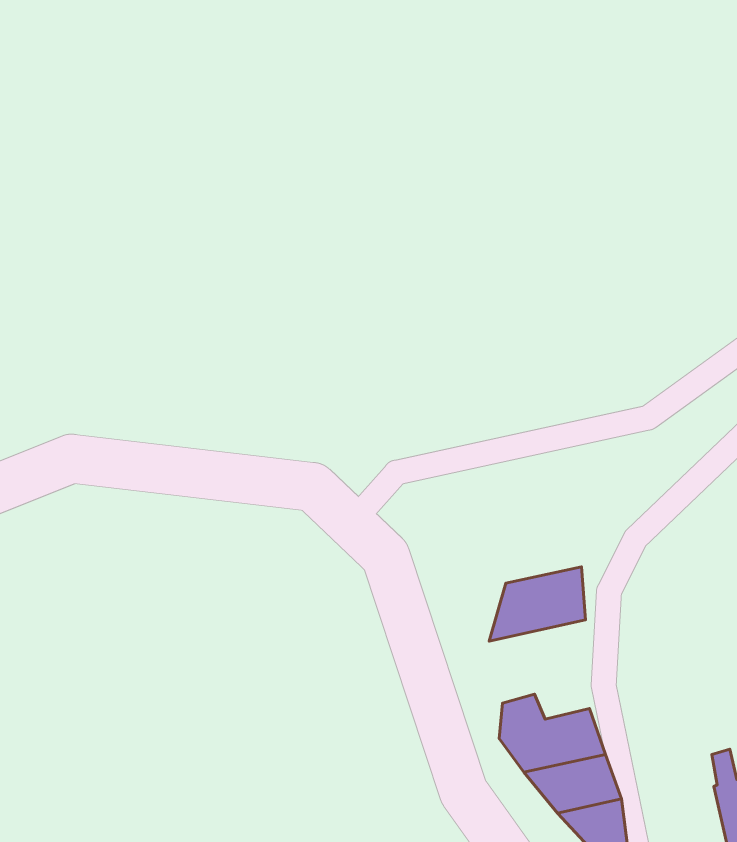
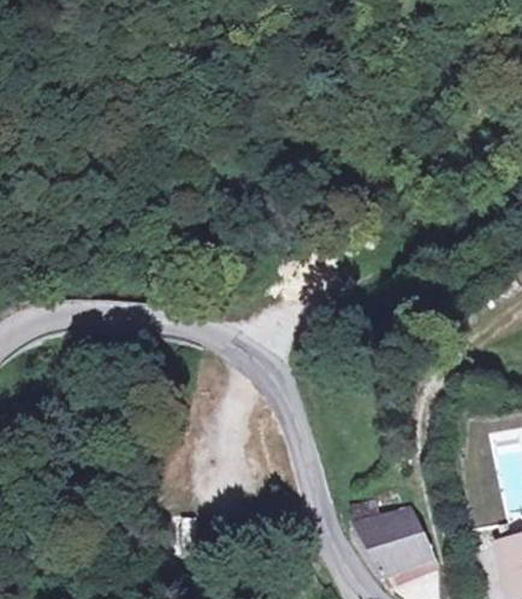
building: [489,567,586,641] -> none

